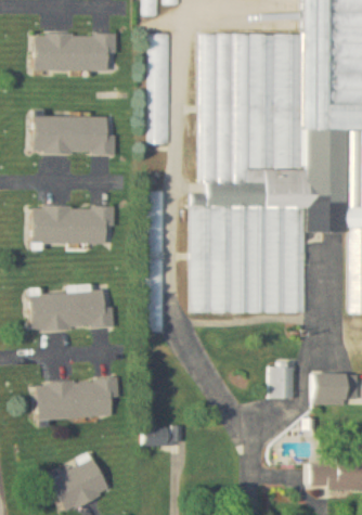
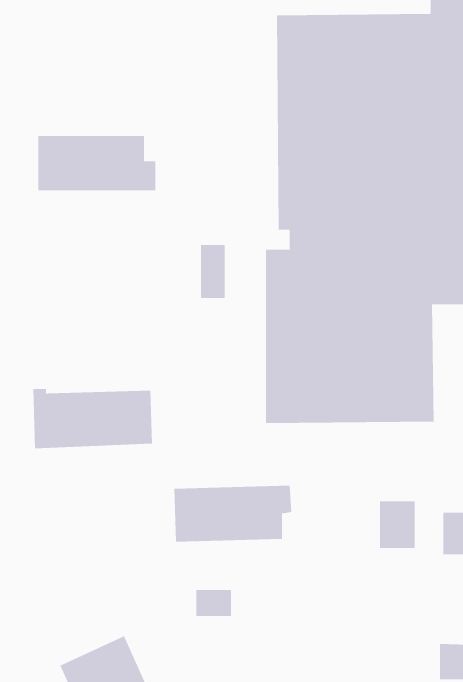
building: [34,33,115,70] -> none
building: [147,33,169,143] -> none
building: [31,206,113,244] -> none
building: [36,379,117,419] -> [174,485,292,542]

